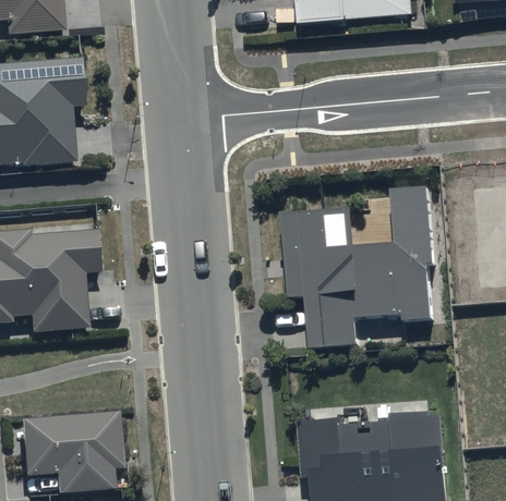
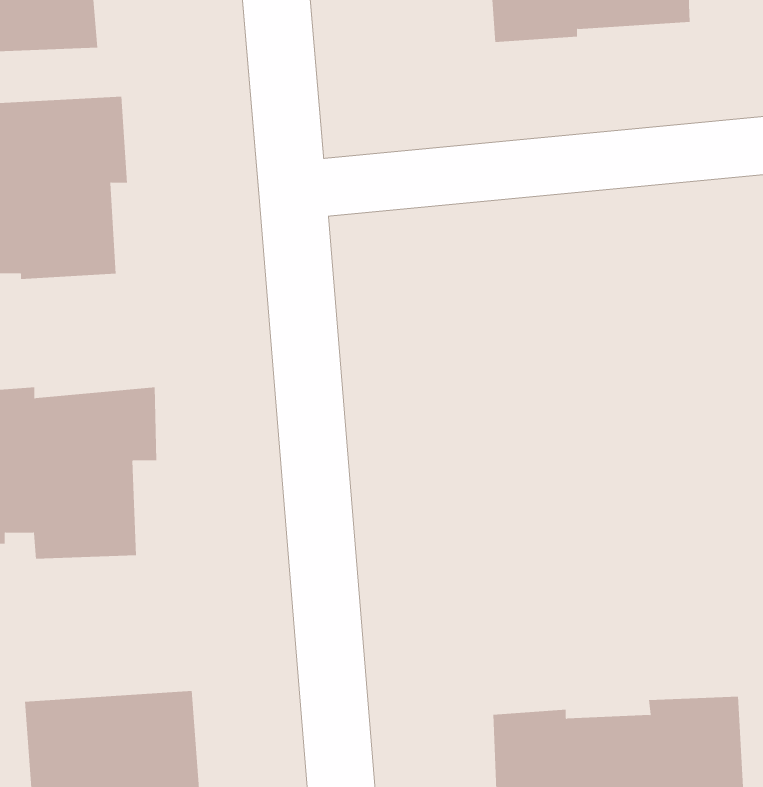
building: [281,188,435,345] -> none

